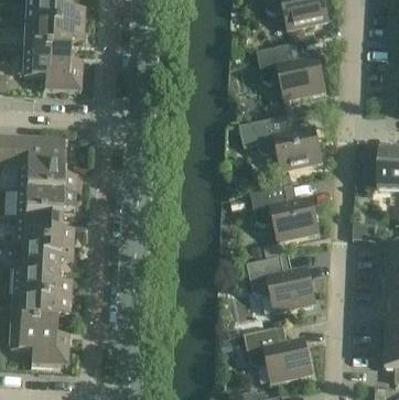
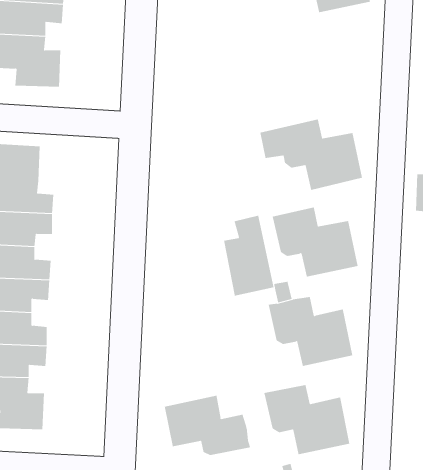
building: [256,44,325,101] -> none
building: none -> [223,215,274,296]
building: none -> [164,395,251,456]

